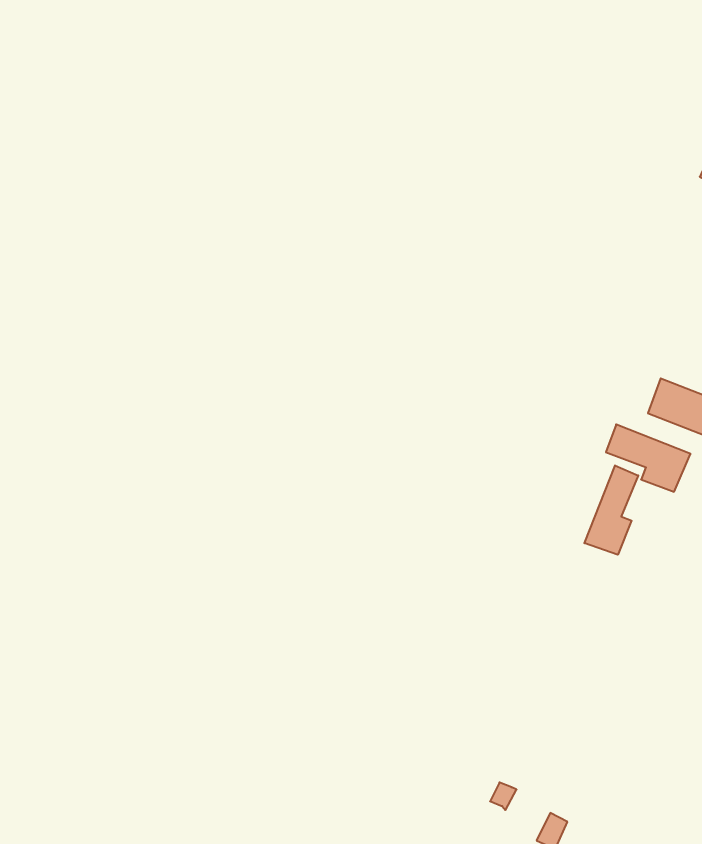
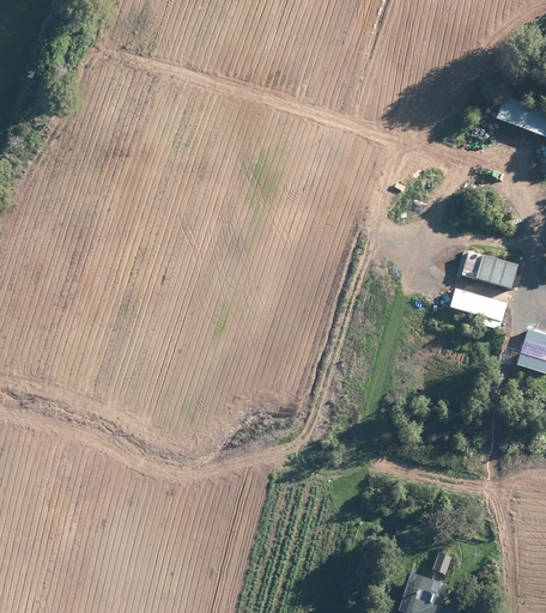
building: [584,465,638,555] -> none

